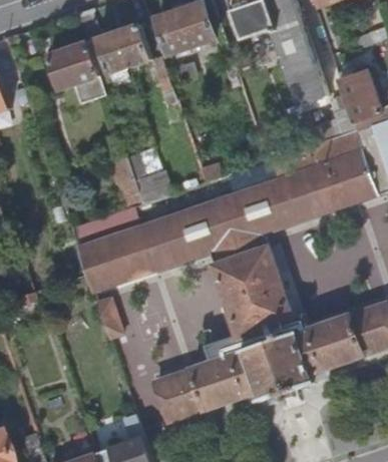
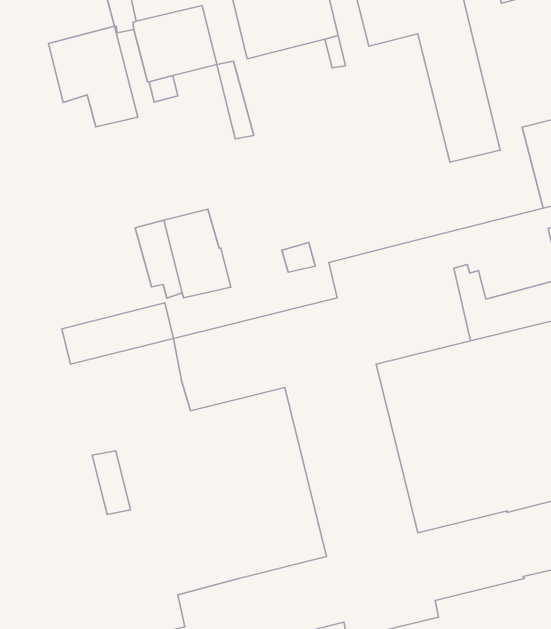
building: [76,227,151,291] -> none

